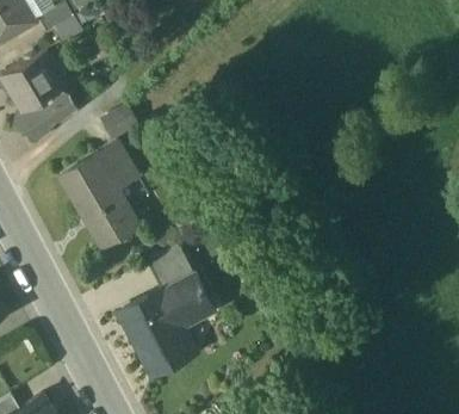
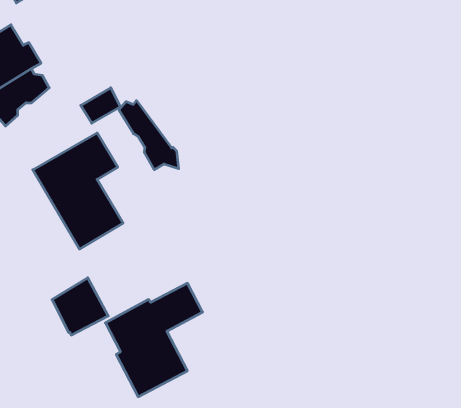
building: none -> [119,101,179,170]
building: [145,243,194,293] -> [52,278,108,335]

